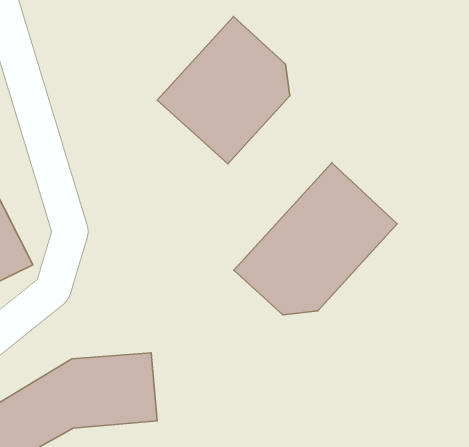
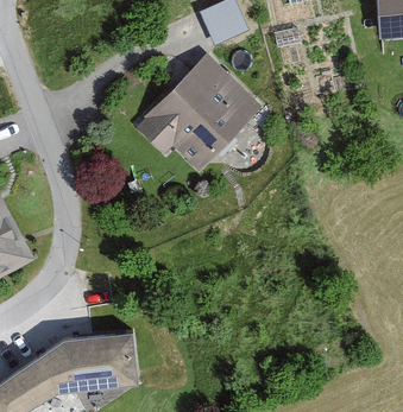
building: [234,163,397,315] -> none

